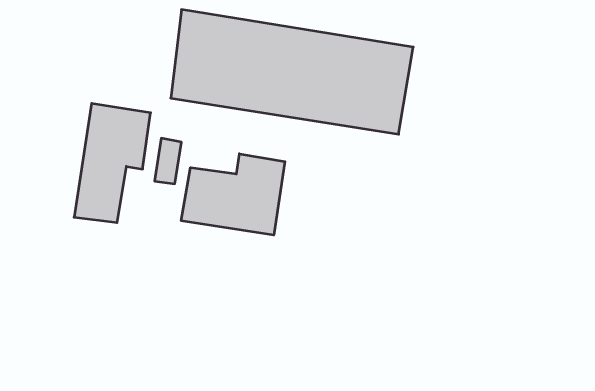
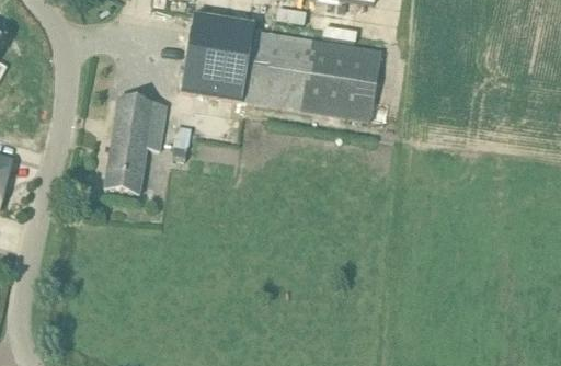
building: [181,154,285,235] -> none

